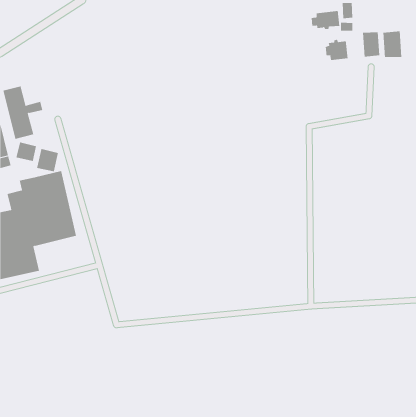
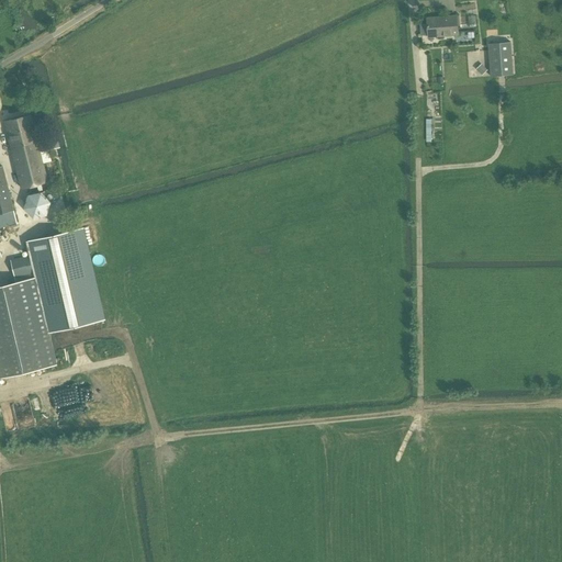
building: [383,31,402,58] -> none
building: [325,39,348,61] -> none
building: [37,148,59,172] -> none

